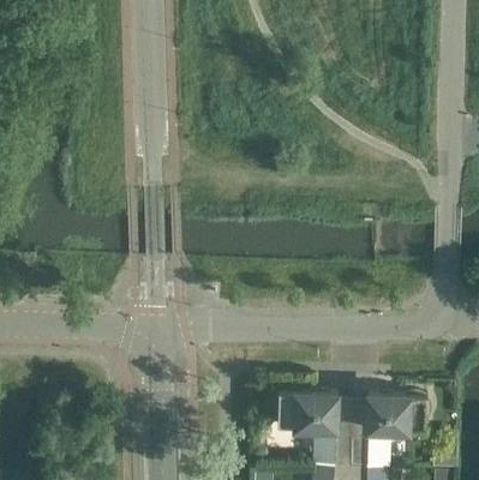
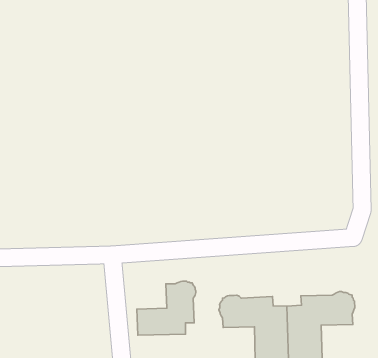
building: none -> [137,281,196,335]

